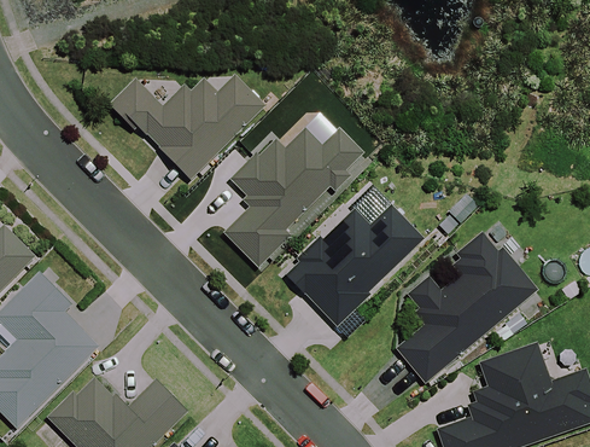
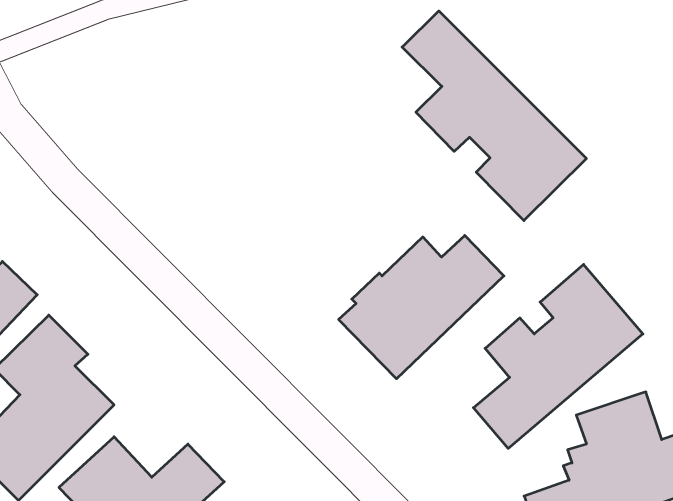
building: none -> [402,11,586,221]
building: [107,74,267,181] -> none
building: [222,128,360,268] -> none

